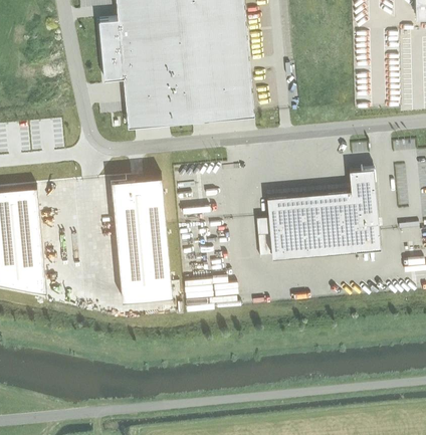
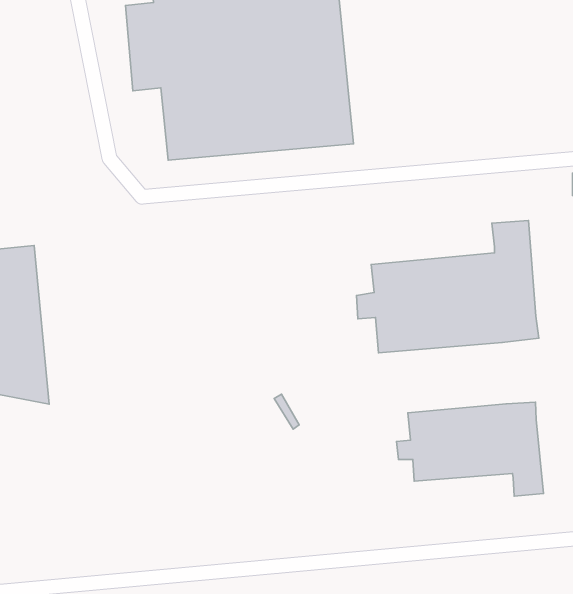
building: [111,176,172,301] -> none
building: none -> [396,402,543,496]

